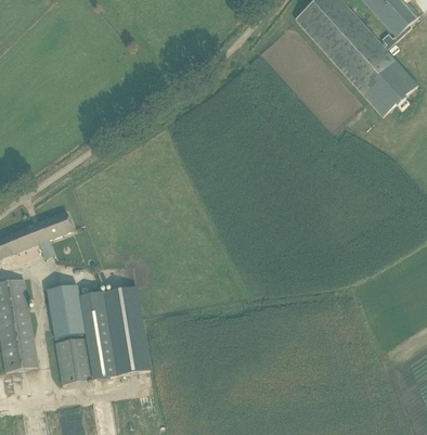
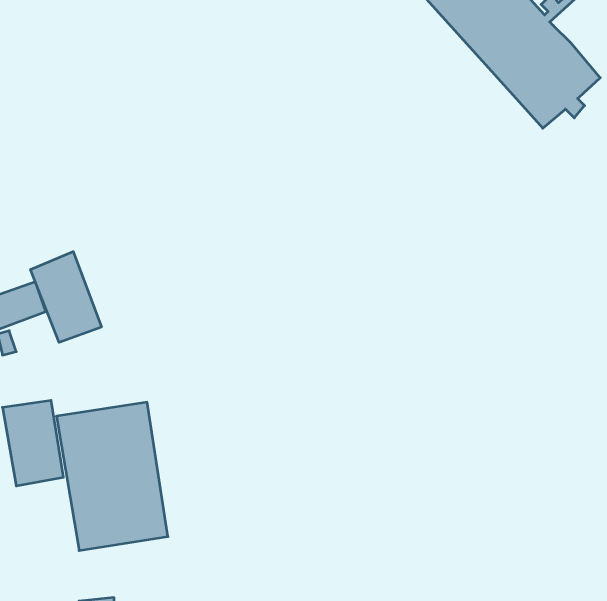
building: none -> [31,252,101,342]
building: [55,337,93,384] -> none

